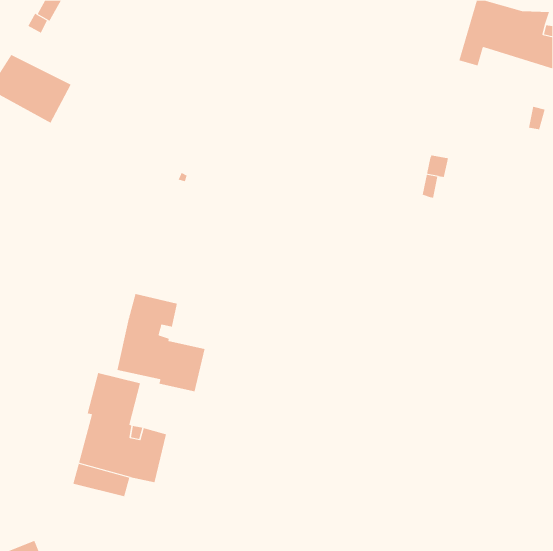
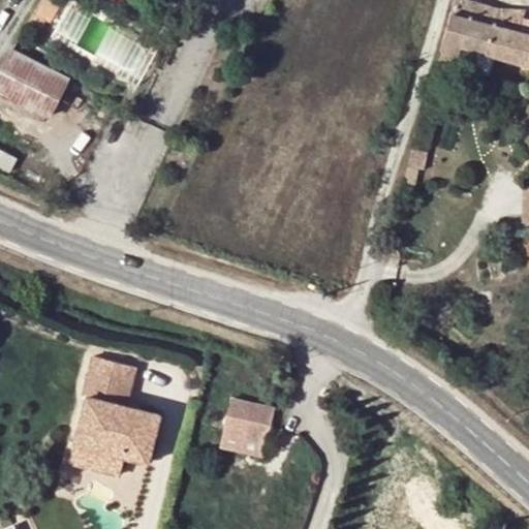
building: [117,293,205,392] -> none
building: none -> [224,402,273,442]

